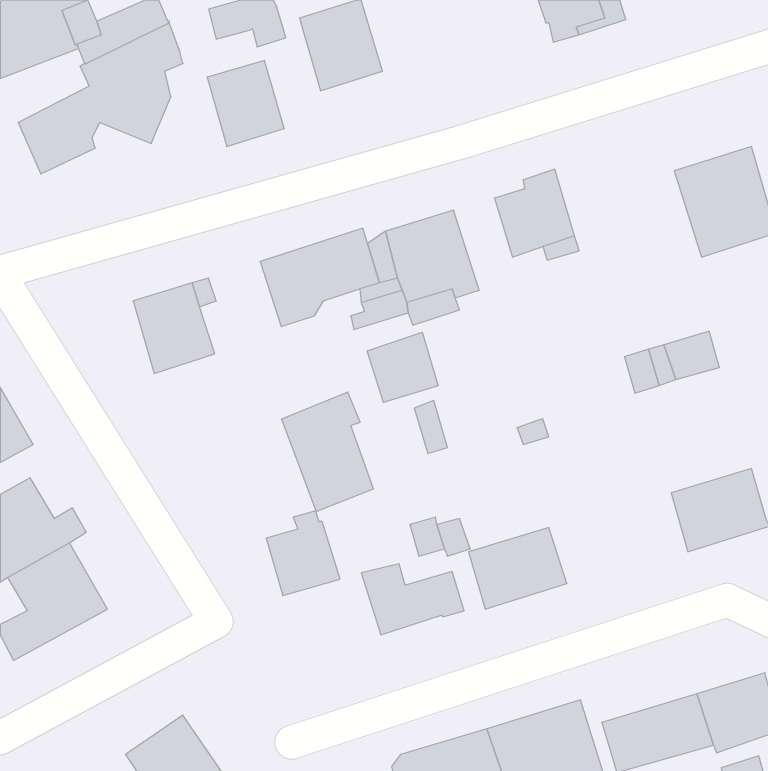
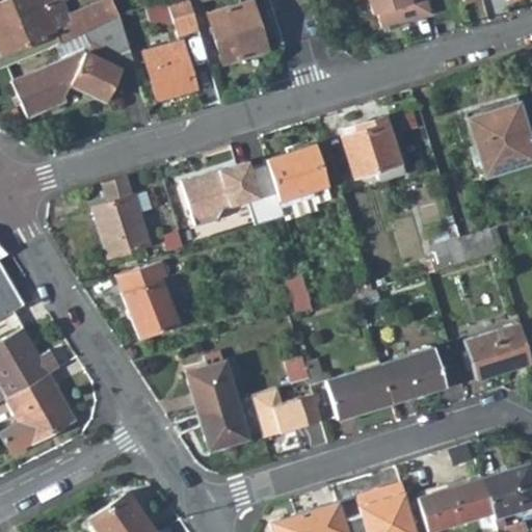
building: [367,332,438,403] -> none
building: [281,392,374,512] -> [116,257,180,339]
building: none -> [380,347,446,402]
building: none -> [197,399,248,450]

